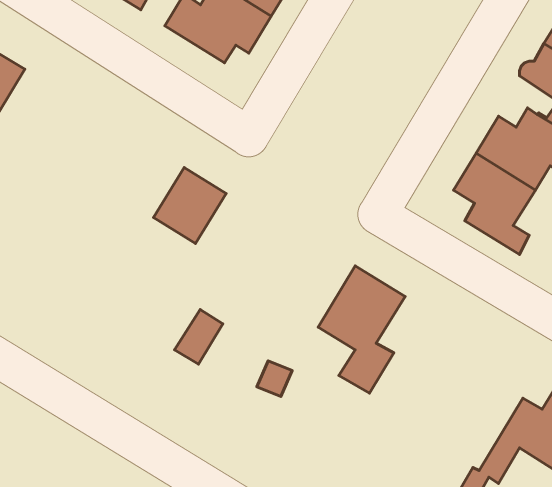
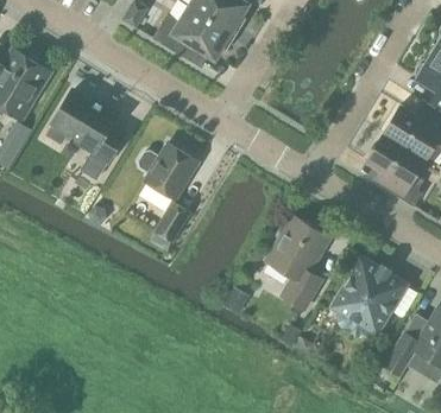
building: none -> [46,91,126,180]
building: [174,309,223,364] -> [153,201,189,241]
building: none -> [333,259,415,335]

